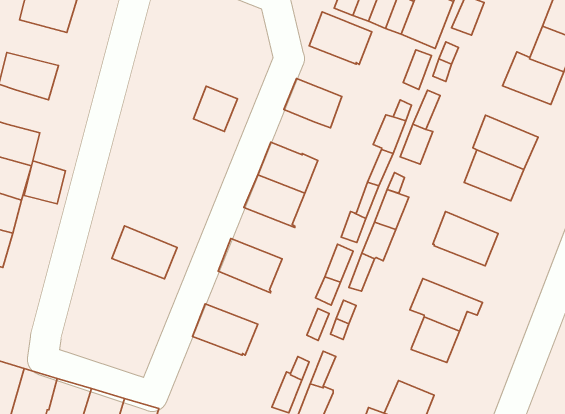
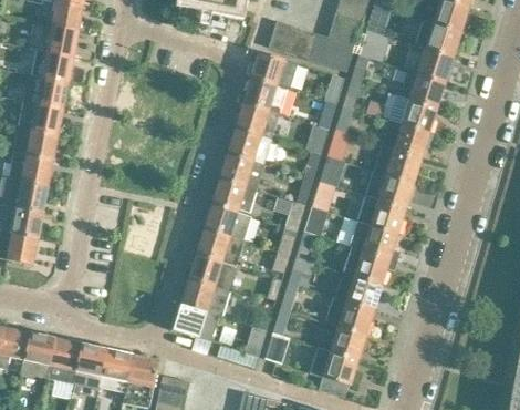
building: none -> [23,74,67,107]
building: none -> [243,78,288,114]
building: none -> [388,95,437,133]
building: [193,86,237,132] -> [228,127,260,161]
building: [24,161,66,204] -> [28,129,58,160]
building: none -> [364,171,413,208]
building: none -> [204,204,251,240]
building: [112,226,177,279] -> [188,254,237,291]
building: none -> [350,222,401,262]
building: none -> [173,305,219,341]
building: none -> [324,296,374,335]

